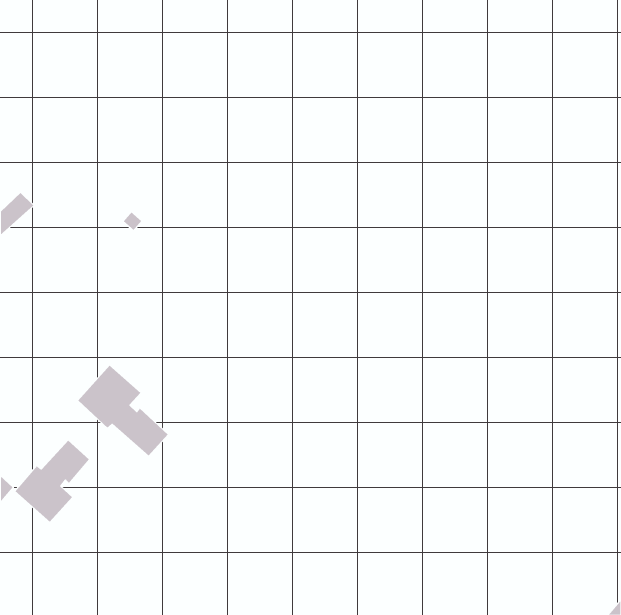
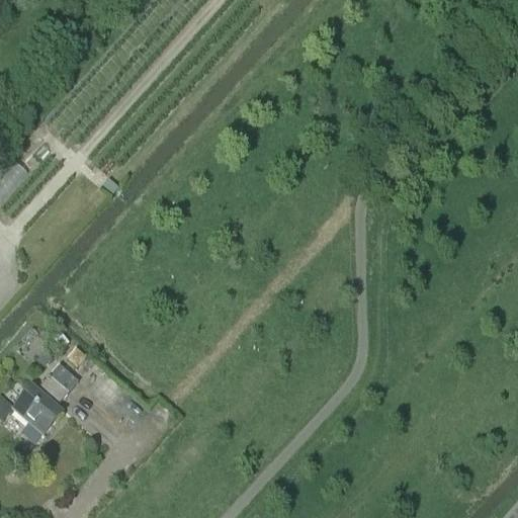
building: [77,365,168,456] -> none

